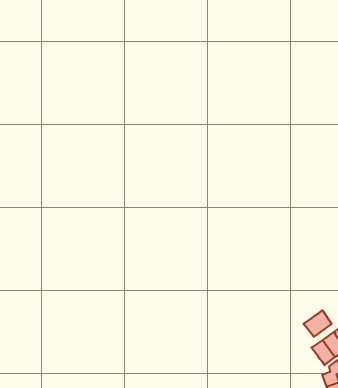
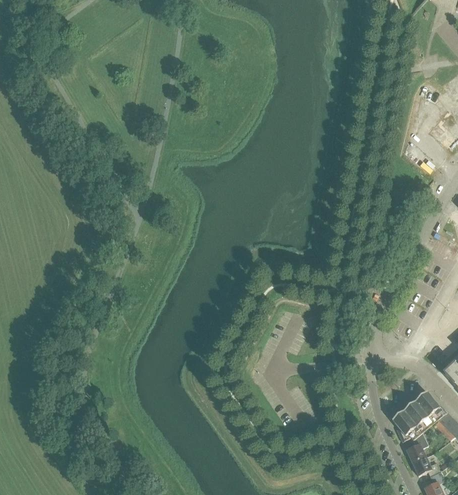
building: [303,310,332,337] -> none

